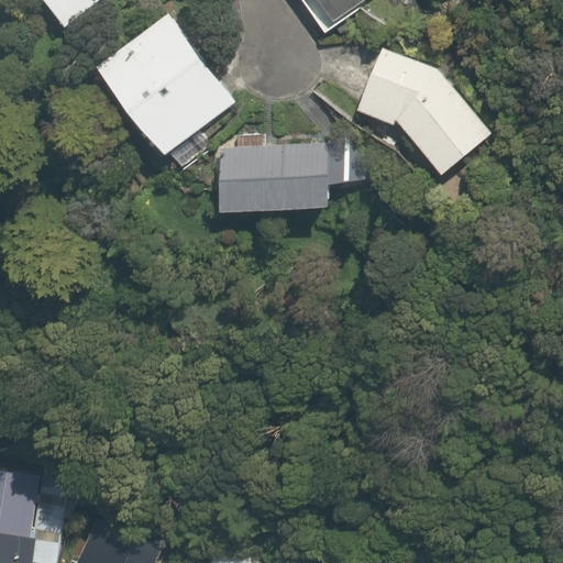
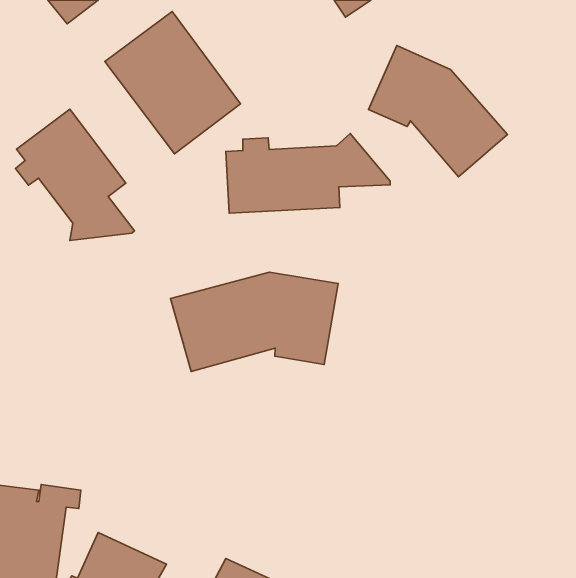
building: none -> [16,109,135,240]
building: none -> [171,272,338,372]

